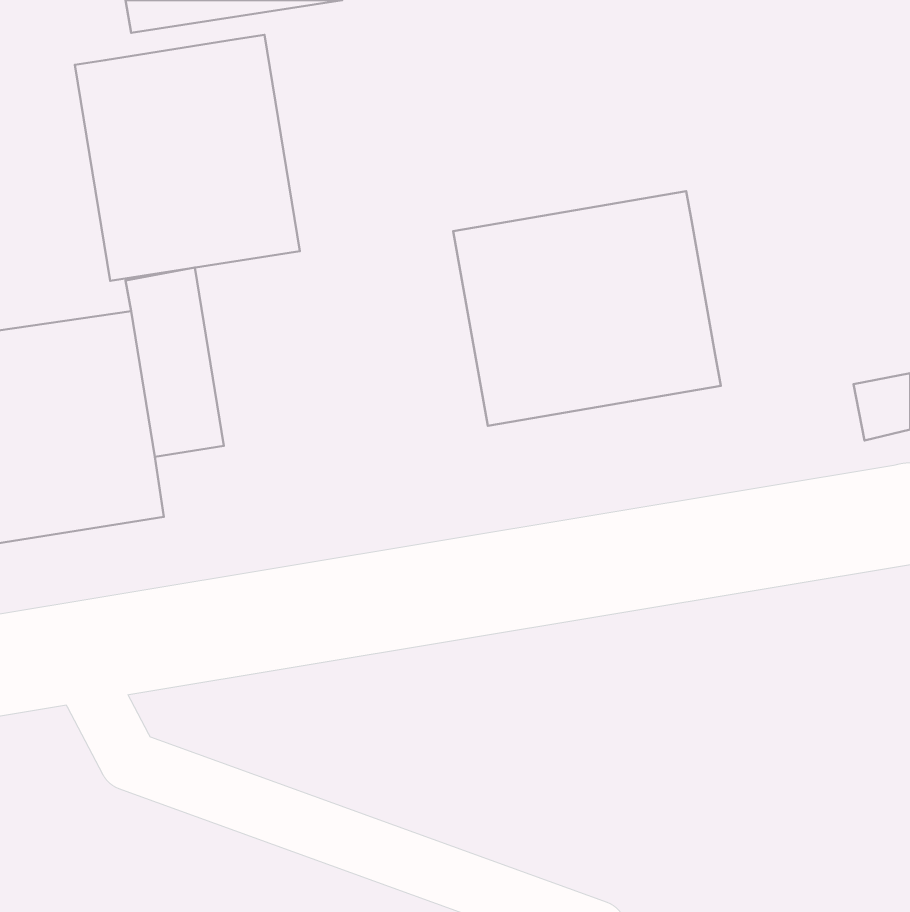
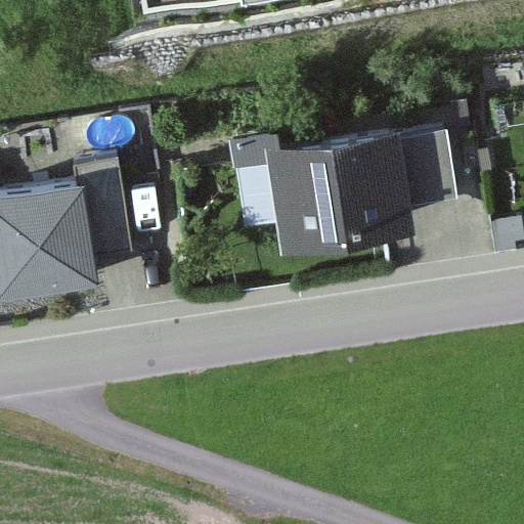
building: [75,35,300,281] -> none
building: none -> [389,127,447,210]

